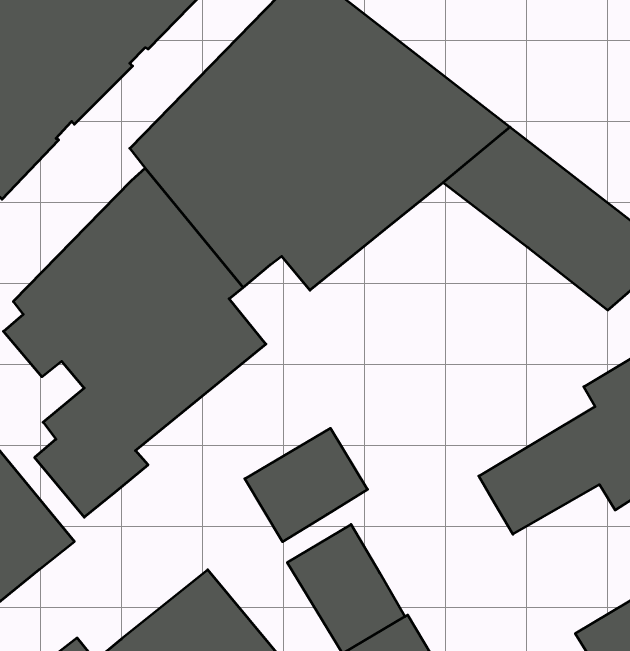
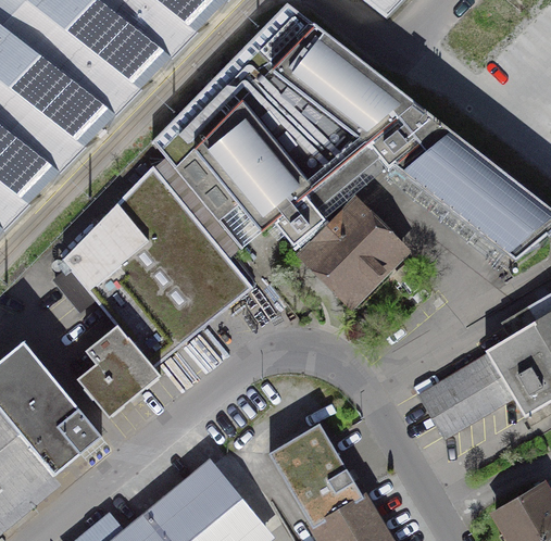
building: none -> [295,202,403,311]
building: [245,428,368,542] -> none

